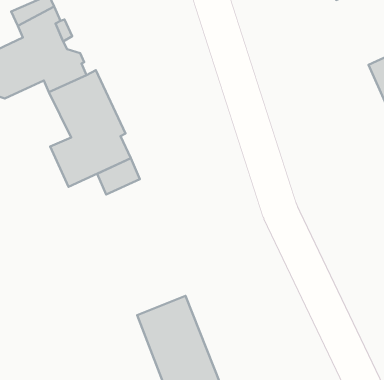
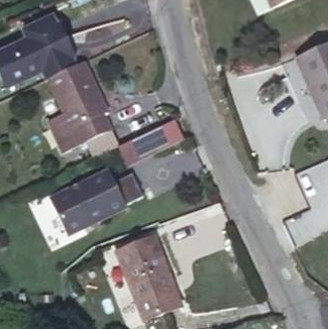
building: none -> [118,118,182,163]
building: none -> [47,170,123,233]

